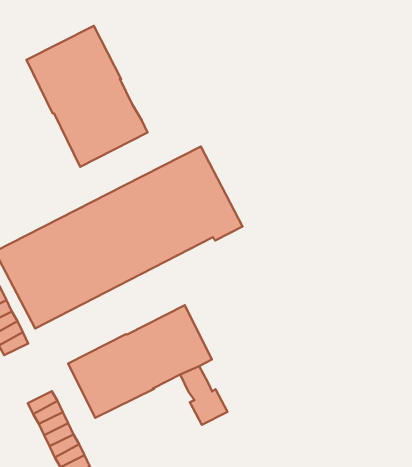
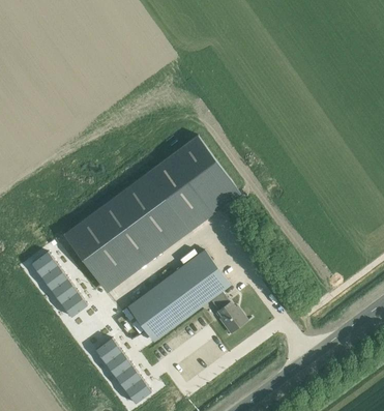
building: [26,26,147,167] -> none

